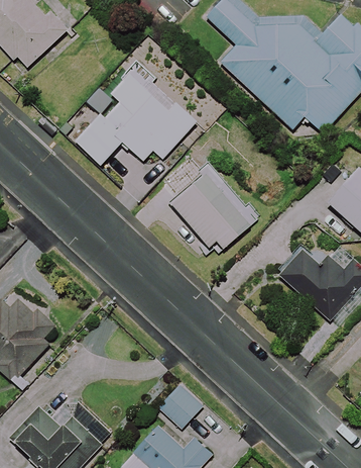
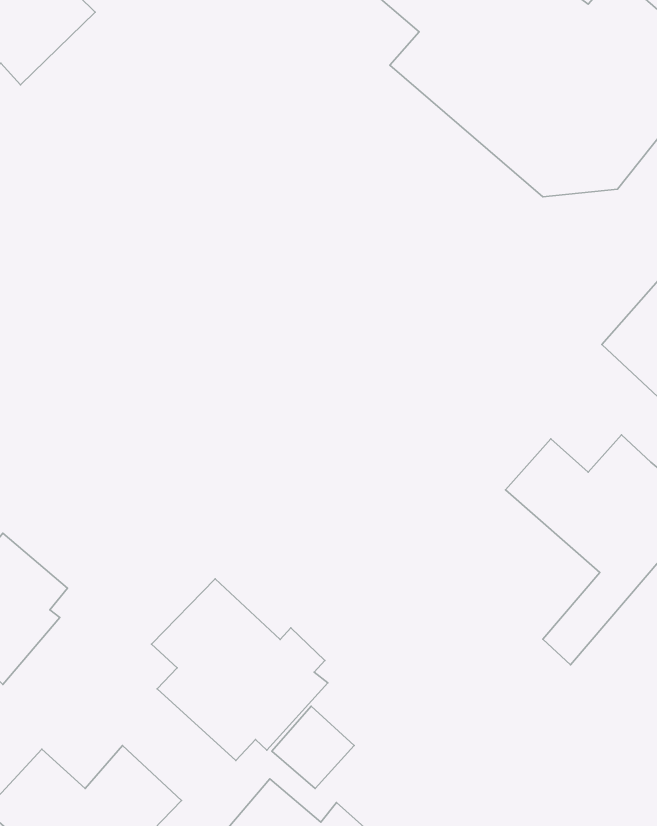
building: [75,64,198,166] -> none
building: [171,164,258,249] -> none
building: none -> [152,579,328,760]

